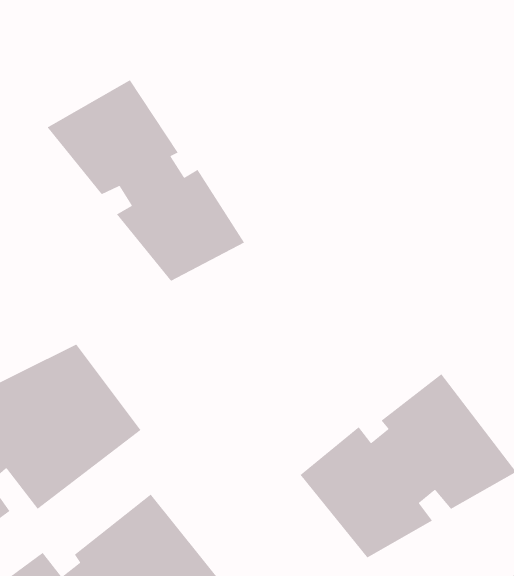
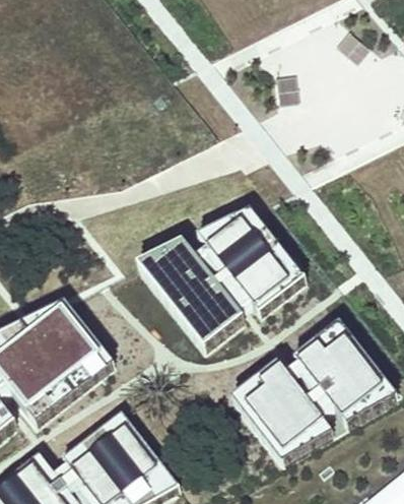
building: [46,79,245,282] -> none
building: none -> [137,206,306,350]

